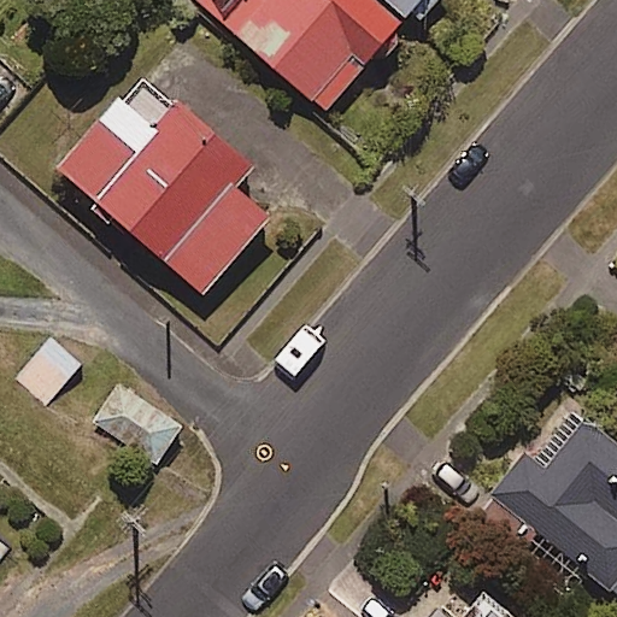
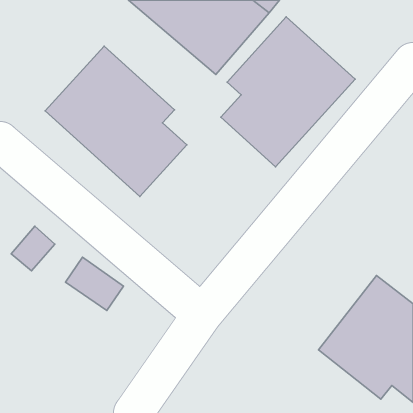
building: none -> [221,17,355,167]

